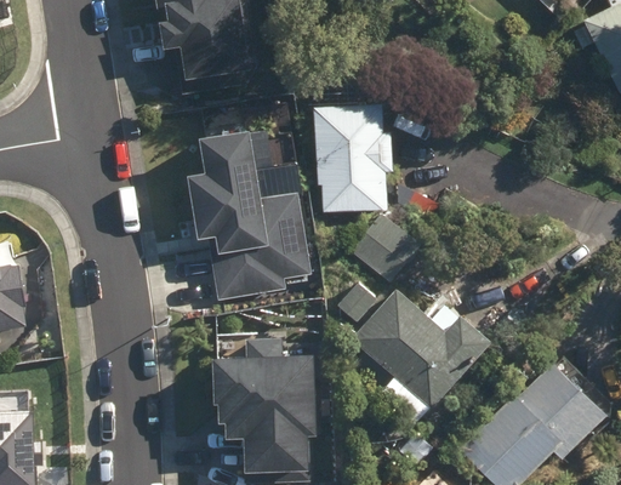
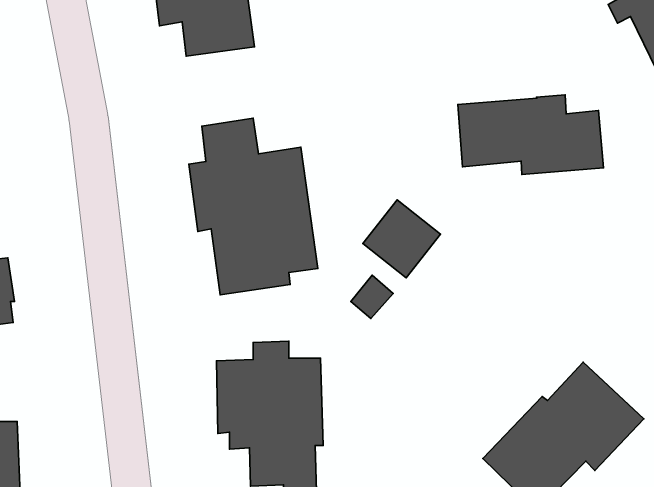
building: [312,70,394,210] -> none
building: none -> [458,95,603,175]
building: [351,285,491,411] -> none

